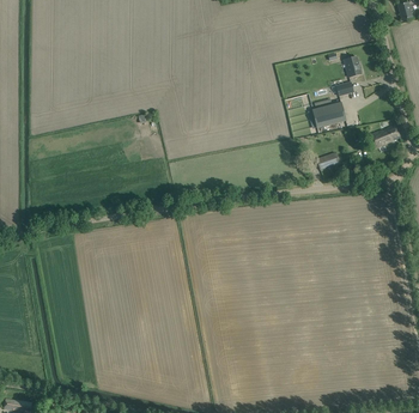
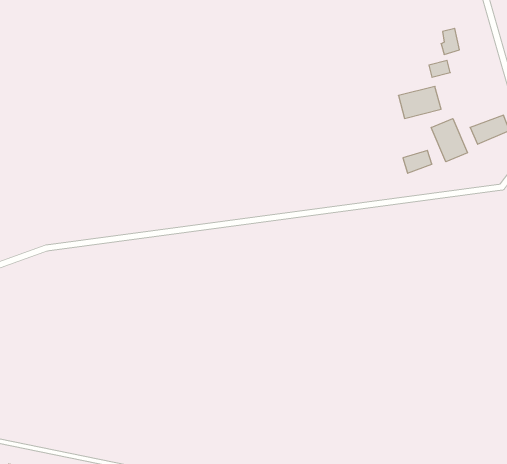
building: none -> [431,119,468,162]

